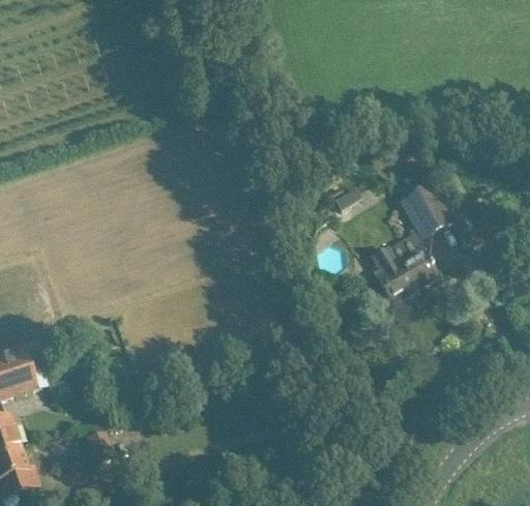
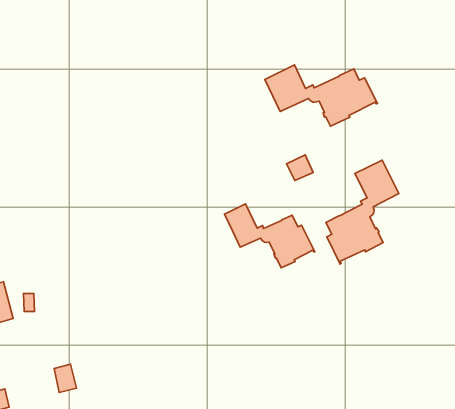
building: none -> [265,65,377,126]
building: none -> [224,204,315,268]

